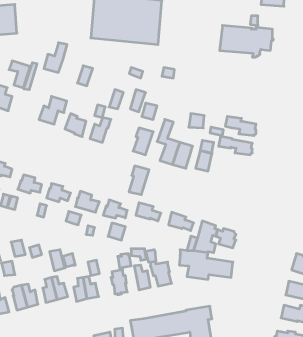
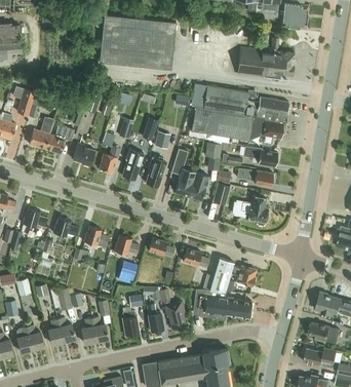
building: [44,43,67,72] -> [29,117,53,149]
building: none -> [185,81,288,141]
building: none -> [232,196,267,226]
building: [129,166,149,195] -> [122,150,144,181]

